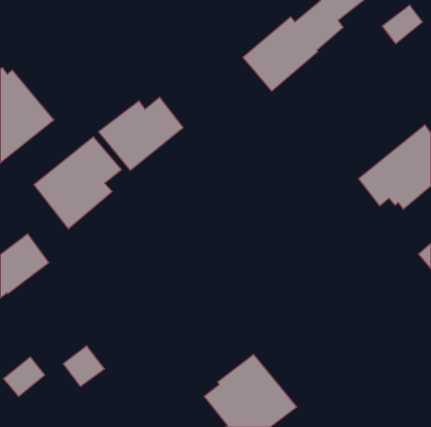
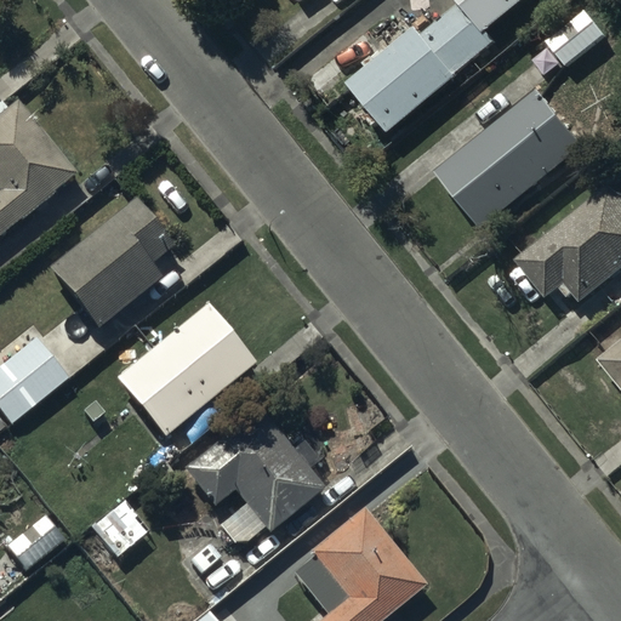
building: none -> [440,89,587,226]
building: [99,97,183,170] -> none
building: none -> [118,302,256,435]
building: none -> [183,405,324,546]

